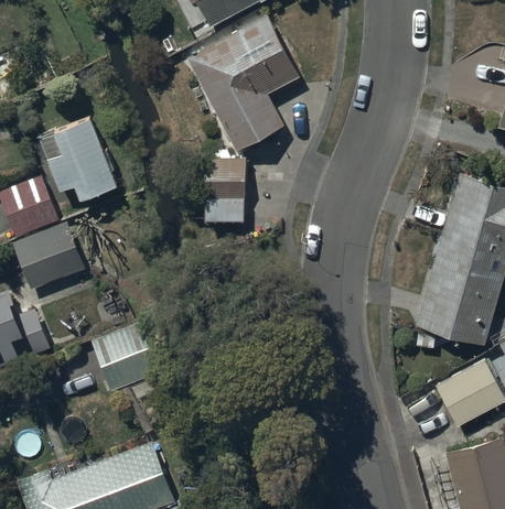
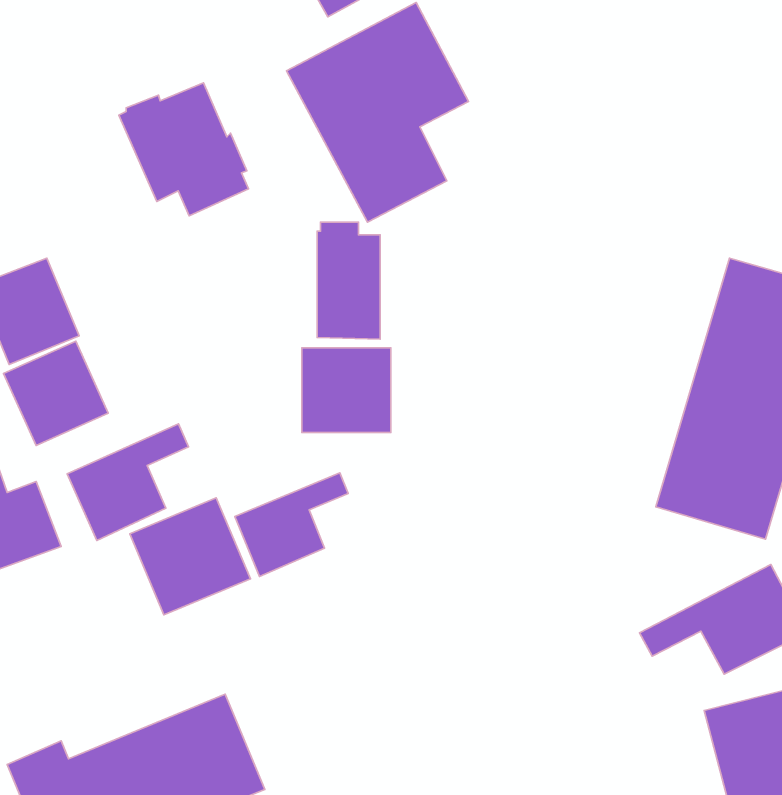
building: [39,120,118,202] -> [119,83,249,216]
building: none -> [302,348,391,432]
building: none -> [67,424,188,541]
building: none -> [235,473,348,577]

